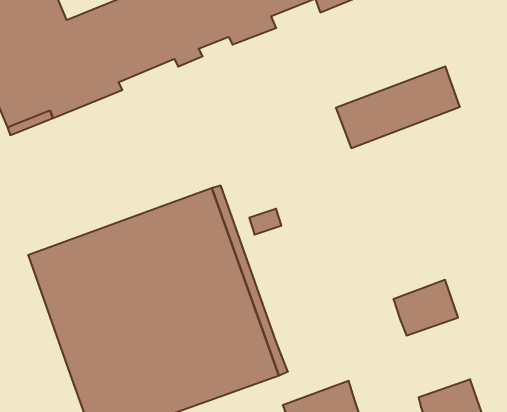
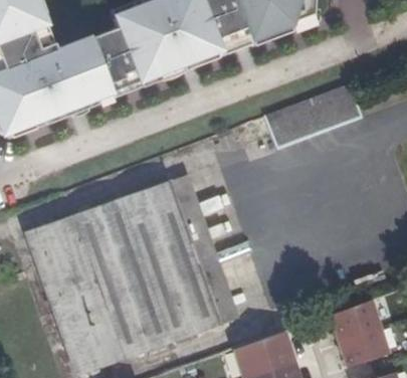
building: [393,280,458,335] -> [323,300,373,343]

